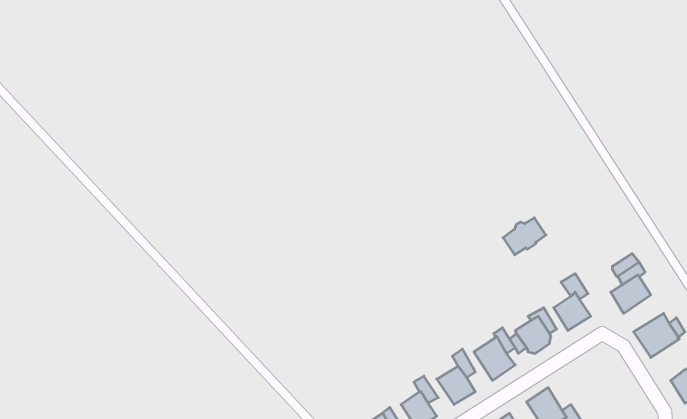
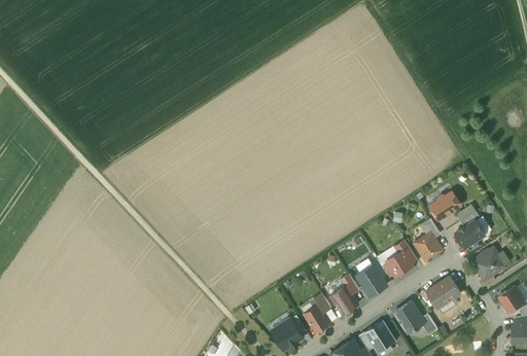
building: [503,218,546,255] -> [430,192,461,219]
building: none -> [426,277,460,309]

